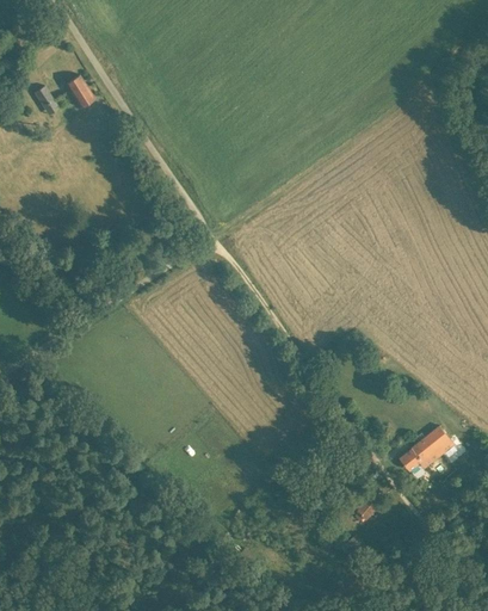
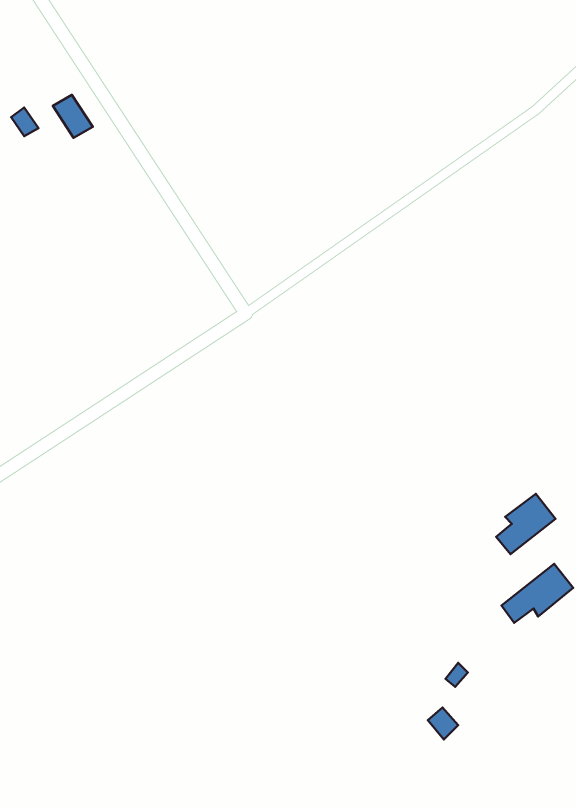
building: none -> [496,494,556,554]

